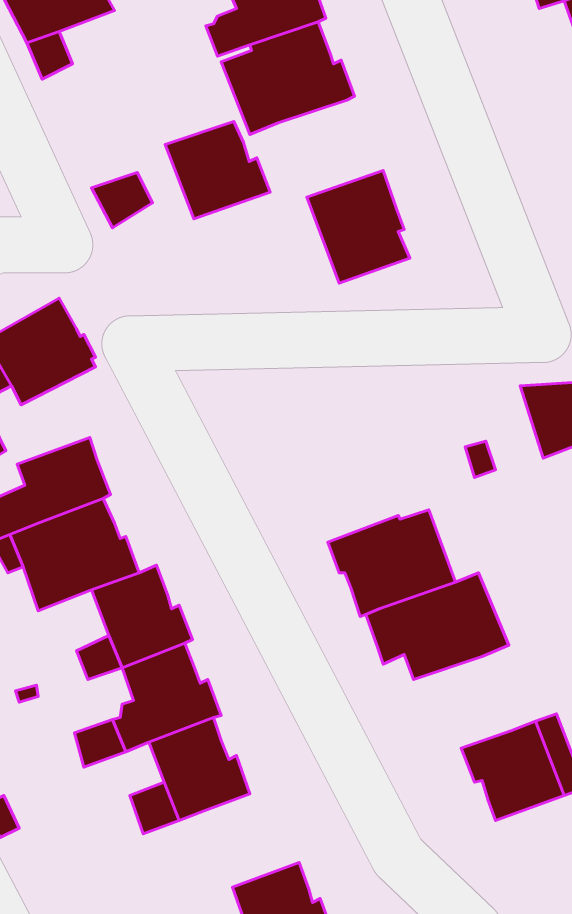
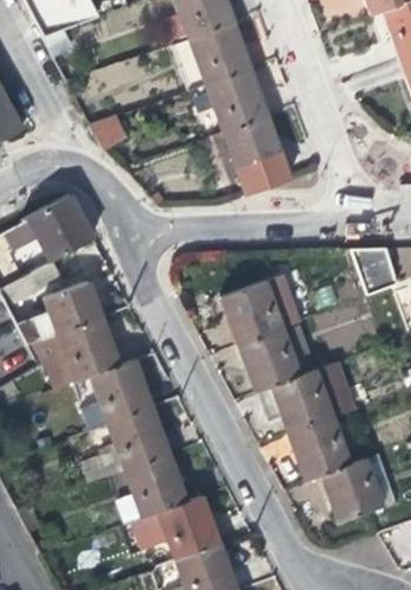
building: [165,122,270,219] -> [205,71,270,132]
building: none -> [220,275,295,346]
building: none -> [285,417,349,479]
building: none -> [159,496,221,560]

